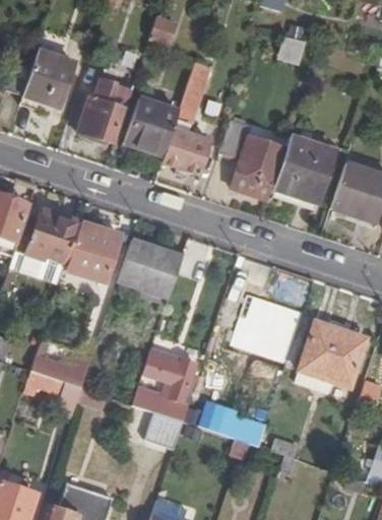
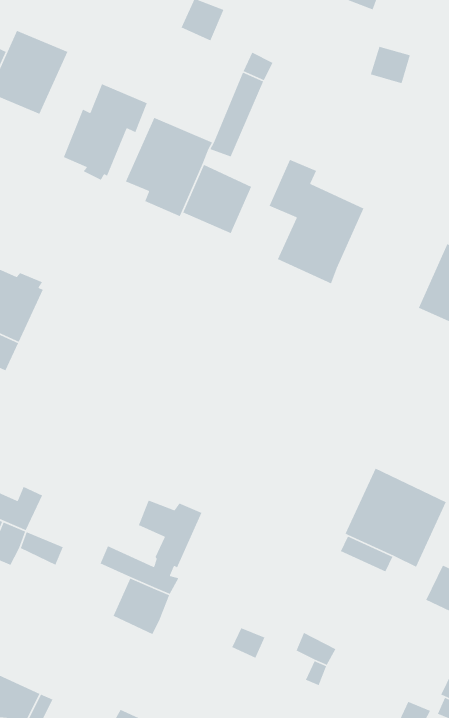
building: [274,133,339,204] -> none
building: [66,221,121,280] -> none
building: [118,238,184,299] -> none
building: [238,297,292,346] -> none

